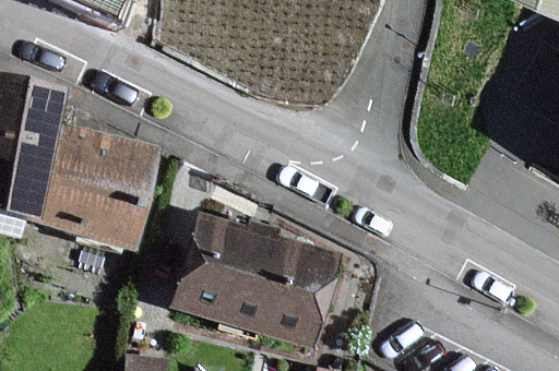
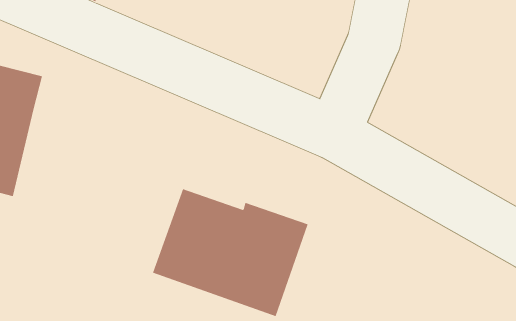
building: [31,129,153,246] -> none

